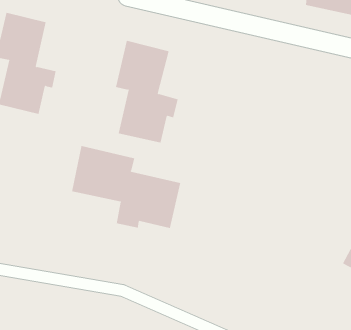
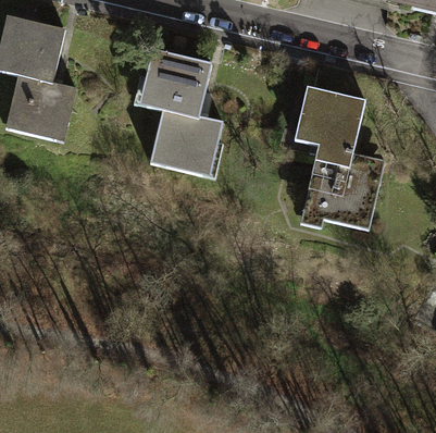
building: none -> [295,86,377,226]
building: [71,145,181,229] -> none

